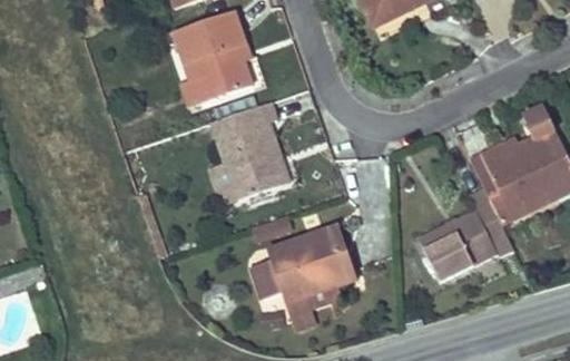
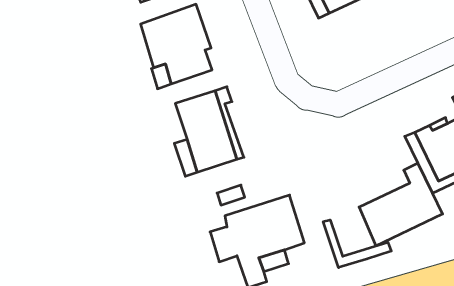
building: none -> [323,220,391,268]

